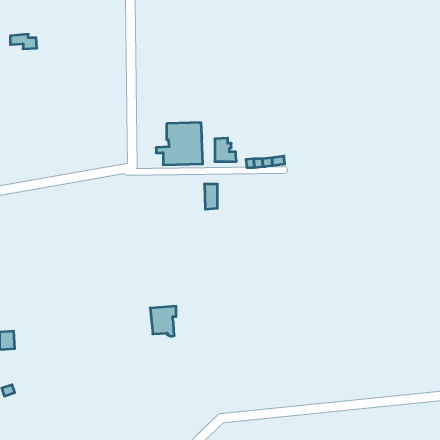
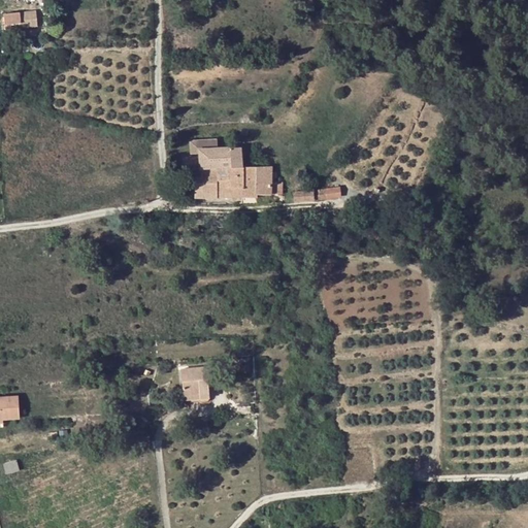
building: [10,34,37,49] -> [4,11,36,29]
building: [204,184,217,209] -> [241,167,257,197]

